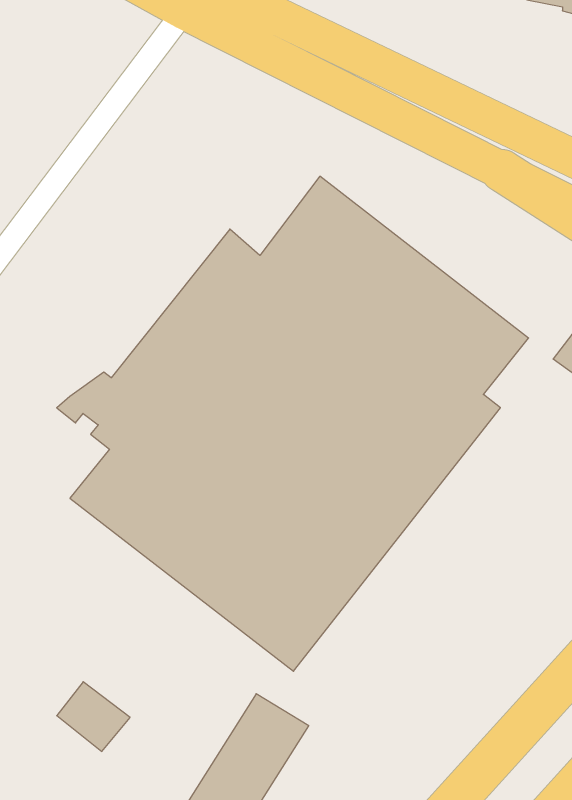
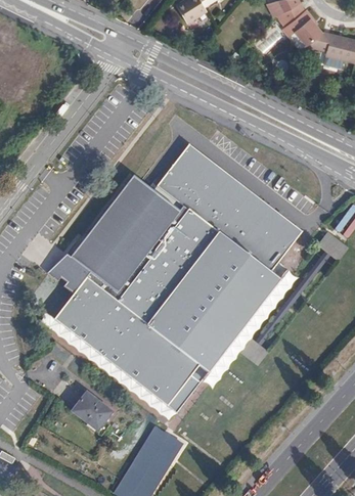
building: [57,682,130,751] -> [72,393,112,431]

